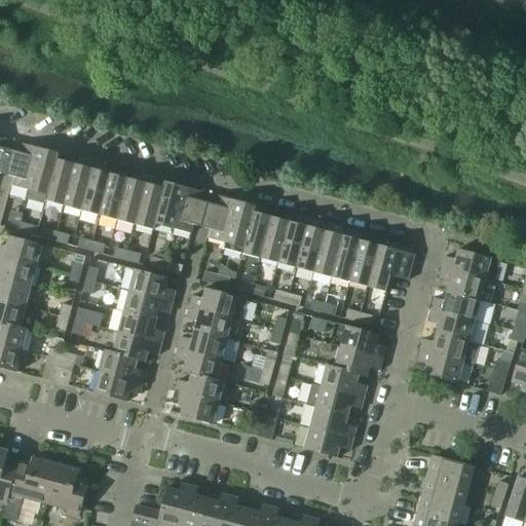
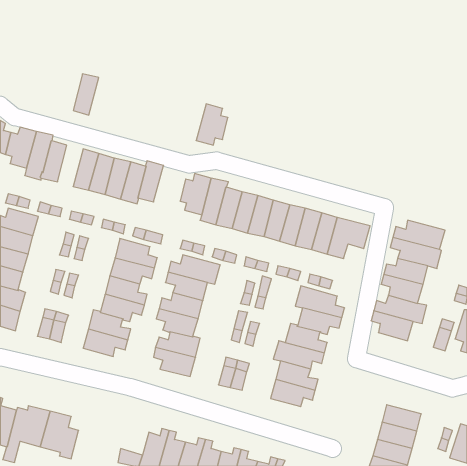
building: [65,163,93,210] -> [73,74,99,115]
building: [173,186,209,232] -> [196,104,228,145]

